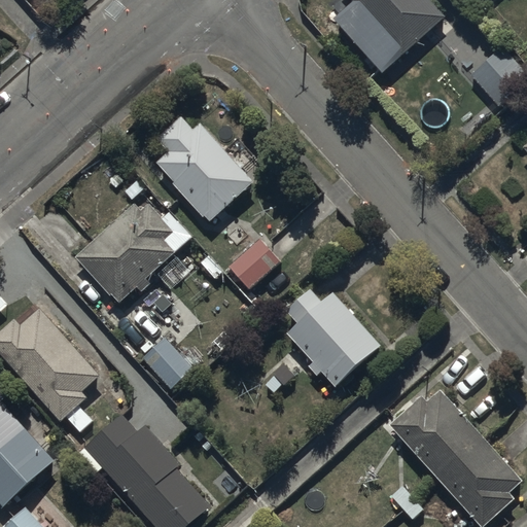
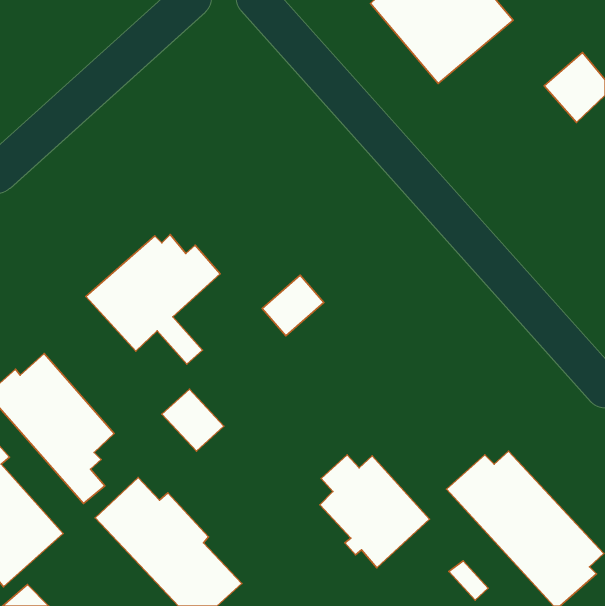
building: [154,115,253,223] -> none
building: [286,290,381,388] -> [320,455,429,568]

